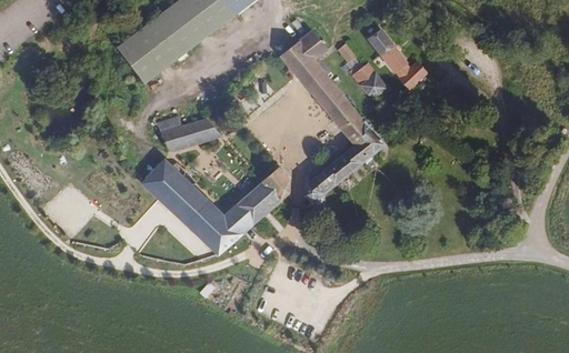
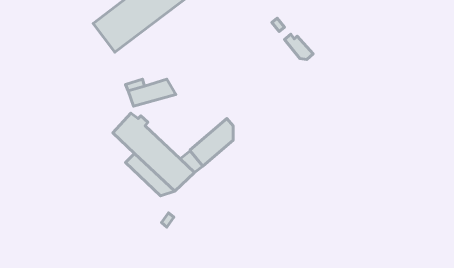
building: [368,24,425,82] -> none
building: [277,27,385,203] -> none

